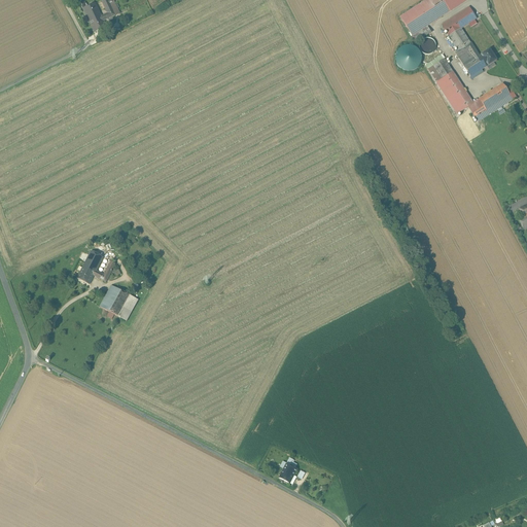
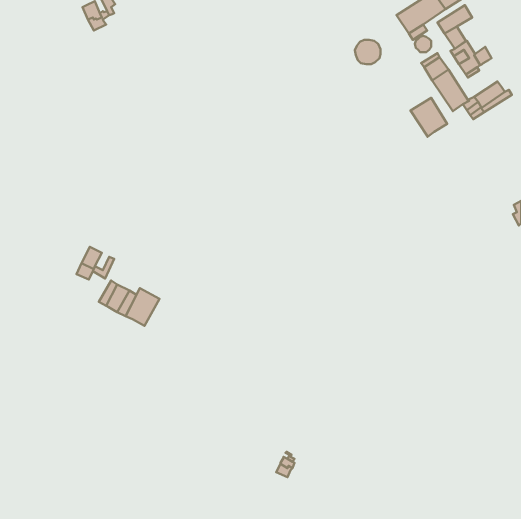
building: [395,44,421,69] -> [355,40,380,64]
building: none -> [411,98,447,137]
building: none -> [125,288,159,326]

